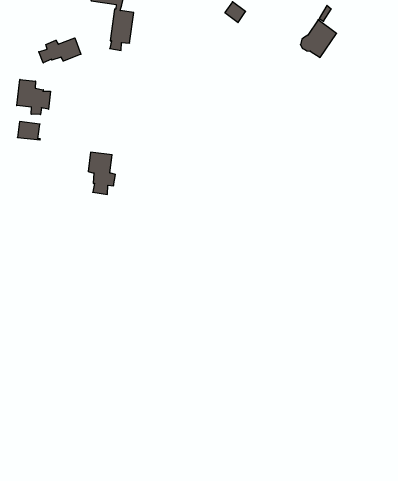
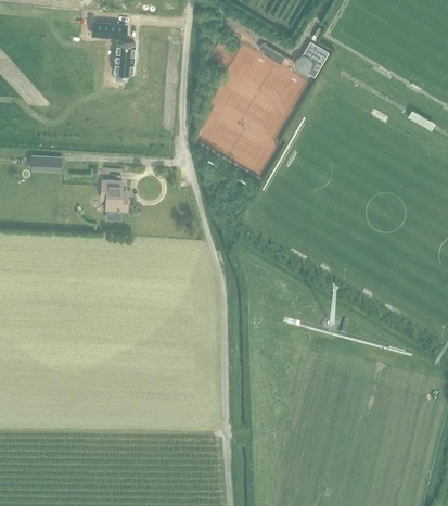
building: [39,38,81,63] -> none
building: [17,79,50,115] -> none

